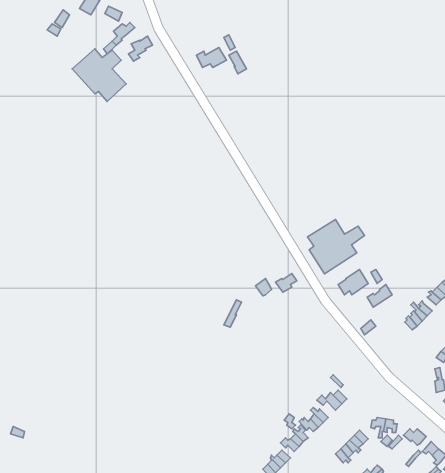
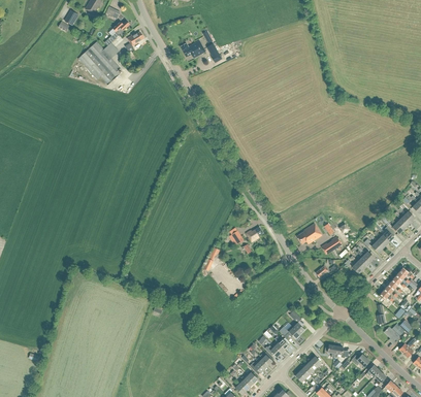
building: [308,220,364,274] -> none

